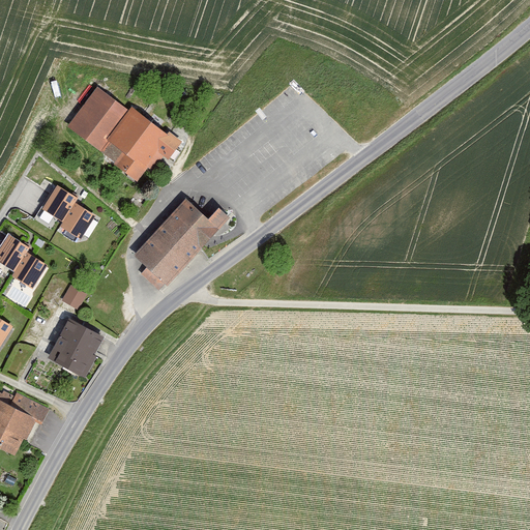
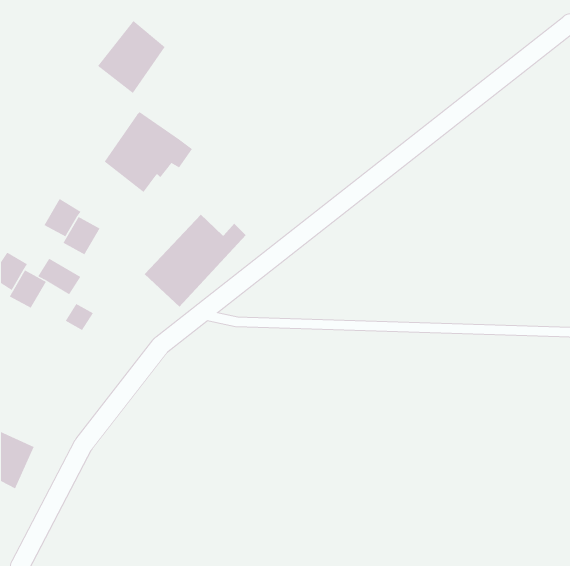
building: [63,82,126,150] -> [97,20,165,94]
building: none -> [37,258,81,295]
building: [45,319,101,377] -> none

